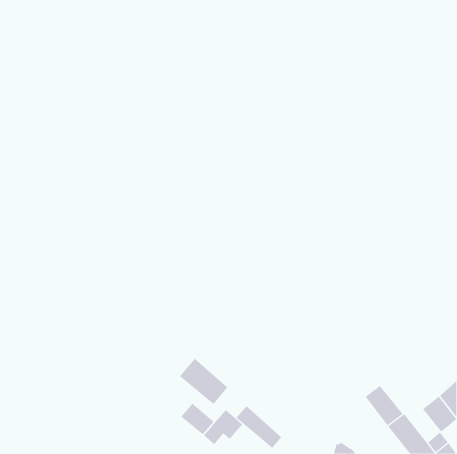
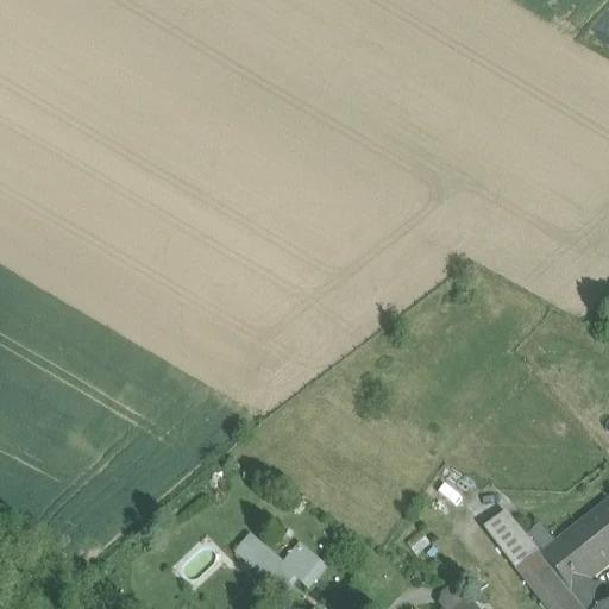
building: [179,358,228,405] -> none
building: none -> [540,538,585,588]
building: [236,405,282,449] -> none

